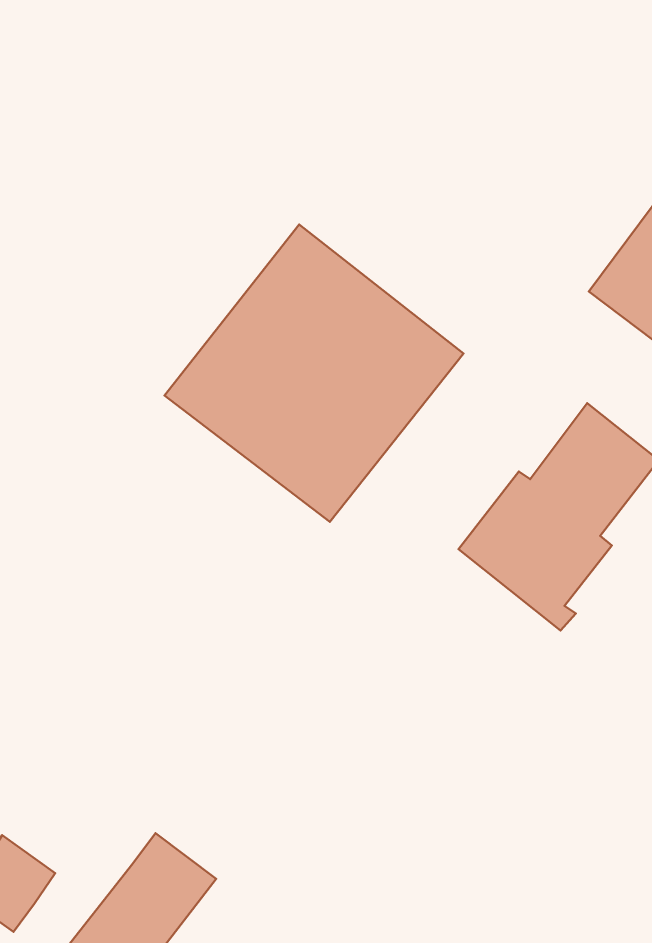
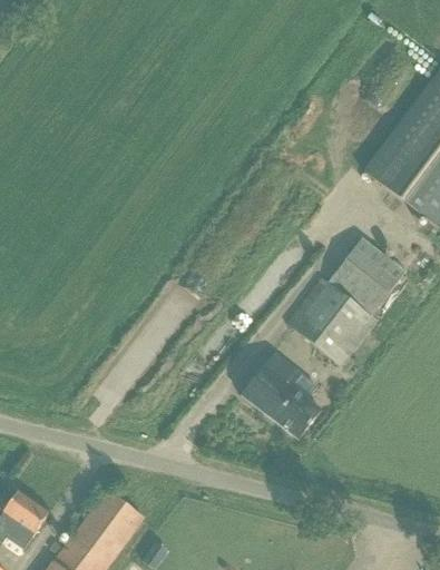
building: [164,225,464,522] -> none
building: none -> [243,353,323,440]

